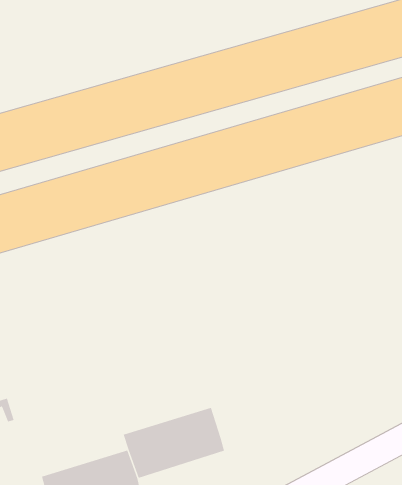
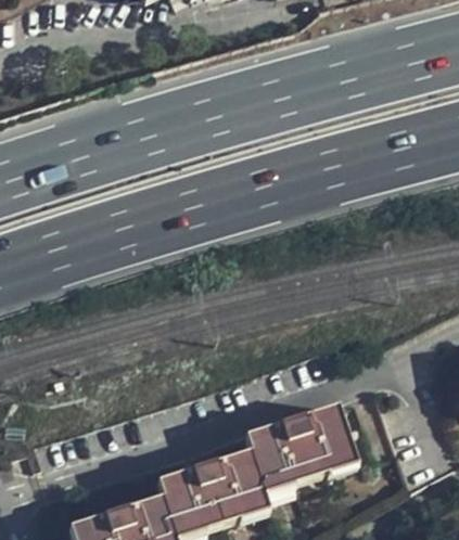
building: none -> [244,412,350,489]

